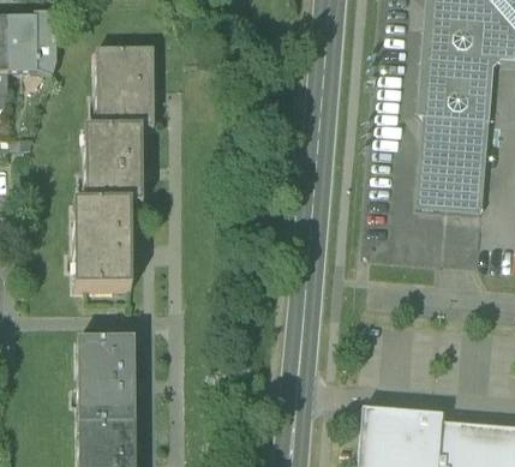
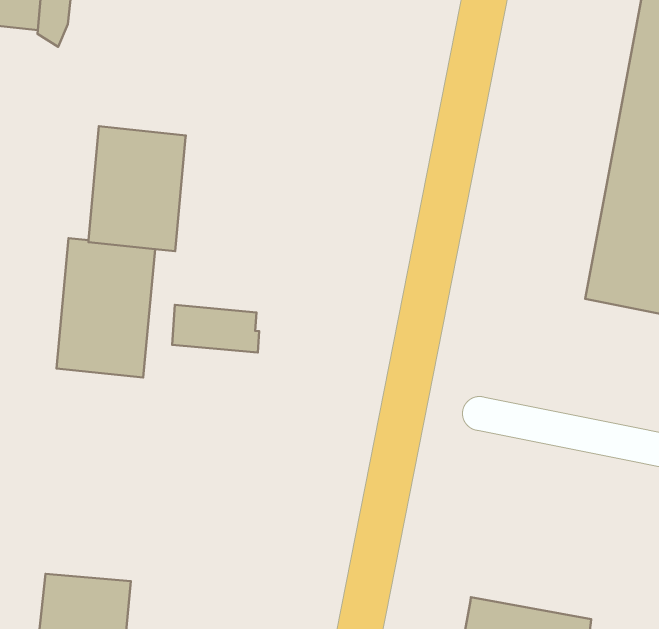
building: [94,48,154,126] -> none
building: none -> [172,305,259,353]
building: [78,336,136,423] -> none

